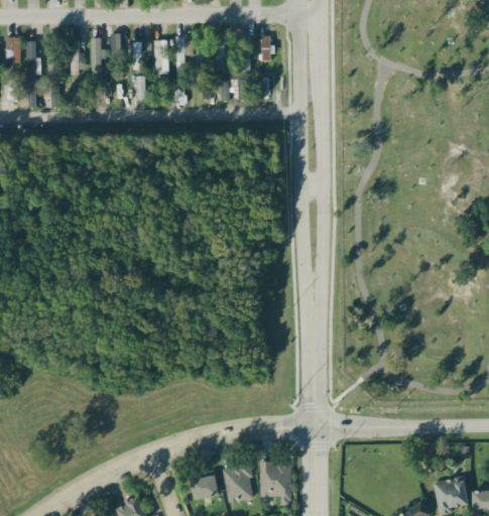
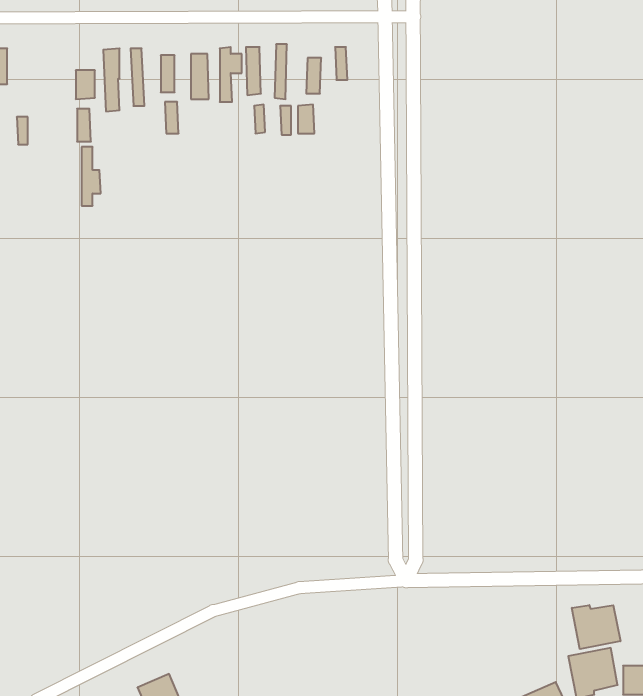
building: [27,40,41,84] -> [82,147,101,206]
building: none -> [572,605,620,649]
building: [259,461,291,505] -> none
building: [224,464,253,501] -> none
building: [191,474,219,499] -> none

